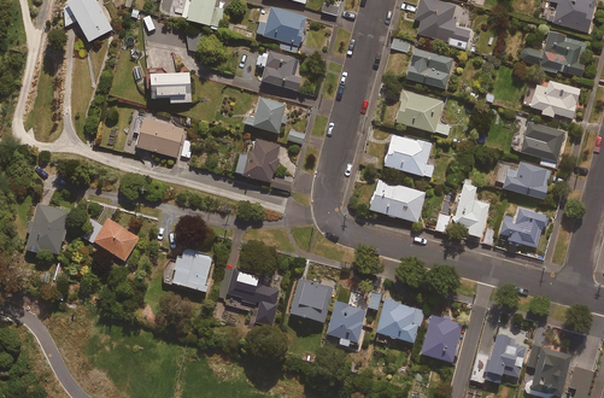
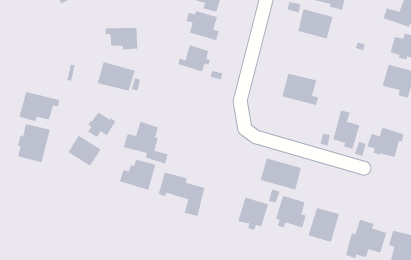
building: [394,90,451,135] -> none
building: [231,136,293,194] -> [123,121,169,164]
building: none -> [19,91,60,122]
building: [494,160,551,199] -> none
building: [369,178,426,222] -> [260,158,302,190]
building: none -> [87,111,116,138]
building: [288,277,334,322] -> none

